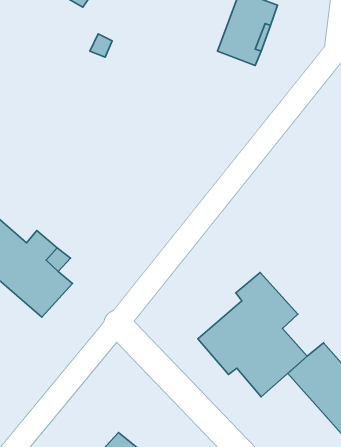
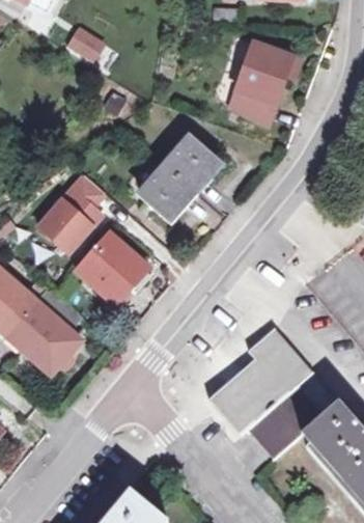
building: none -> [139,136,219,220]
building: none -> [38,175,107,253]
building: none -> [77,232,147,304]

